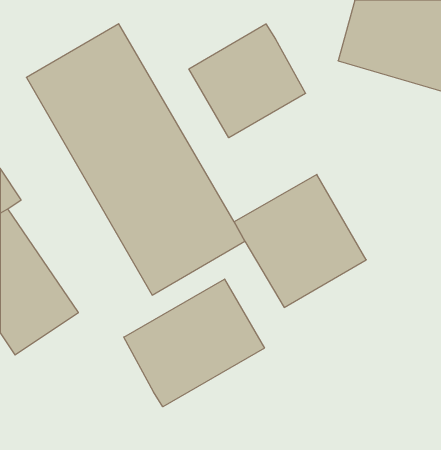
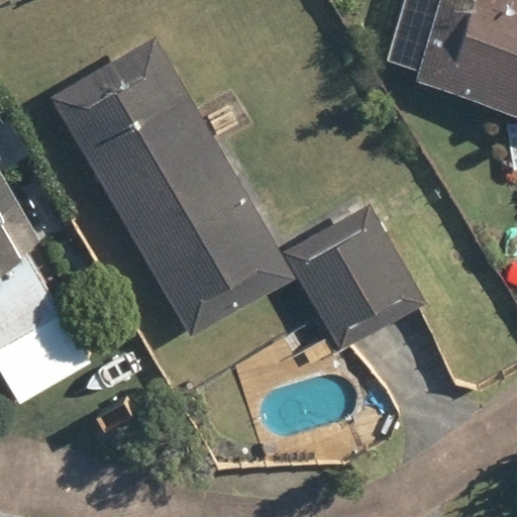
building: [189,24,306,138] -> none
building: [124,279,264,407] -> none

